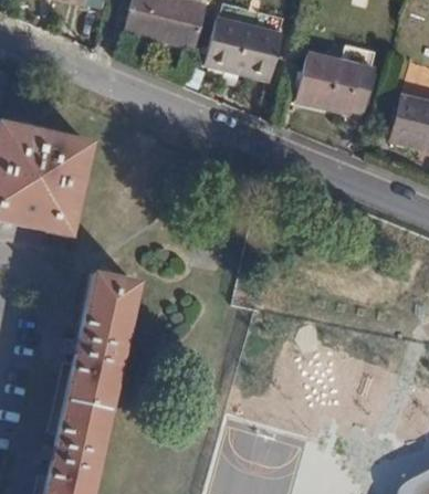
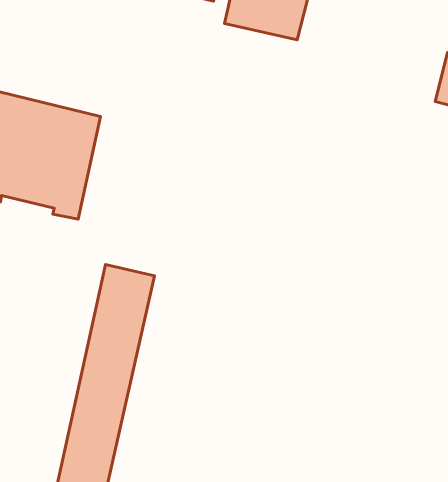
building: [292,52,370,108] -> none

